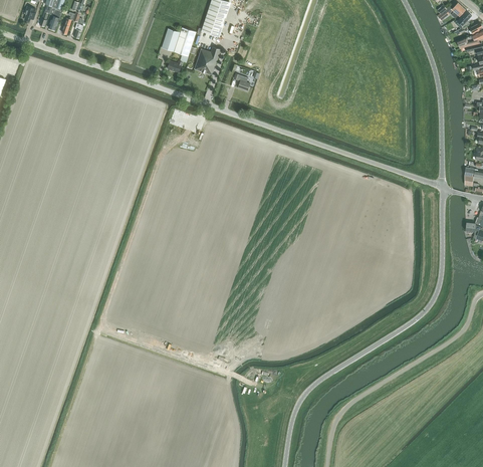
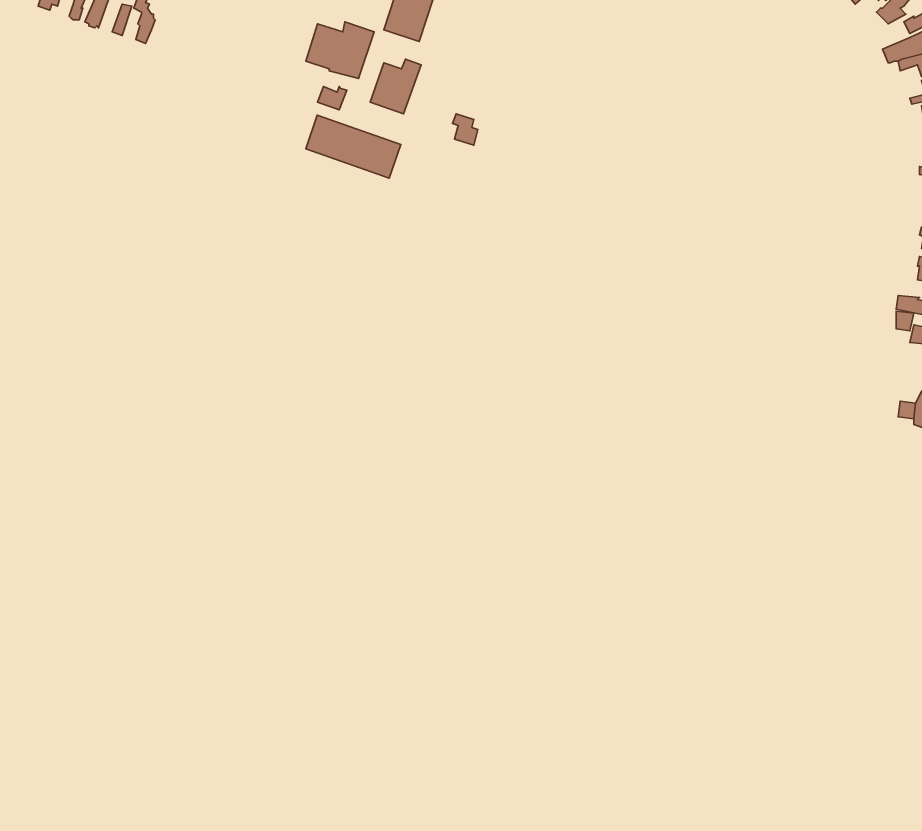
building: none -> [306,115,401,178]

